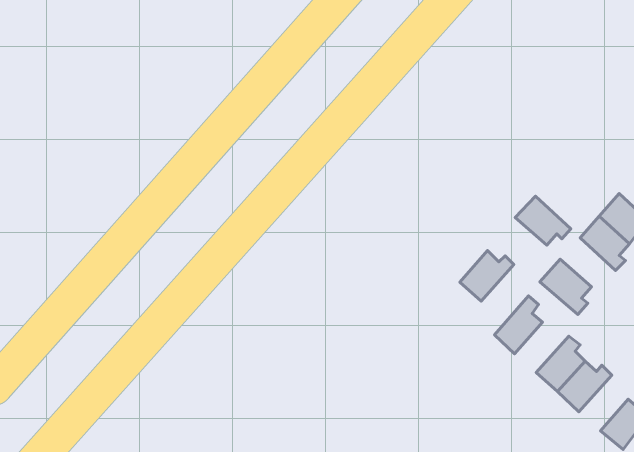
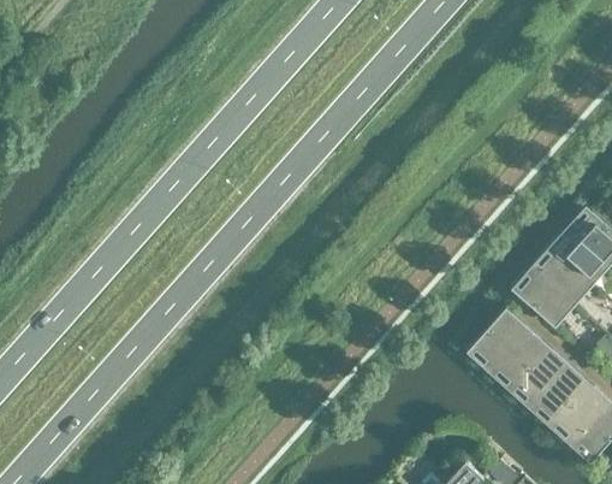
building: [515,196,571,245] -> [535,254,588,301]
building: [460,251,514,301] -> [492,335,543,383]
building: none -> [553,385,600,438]

